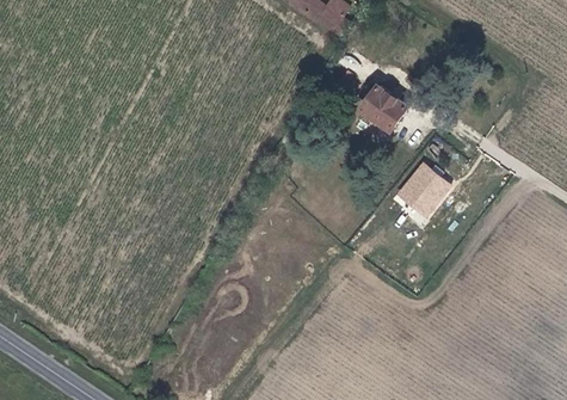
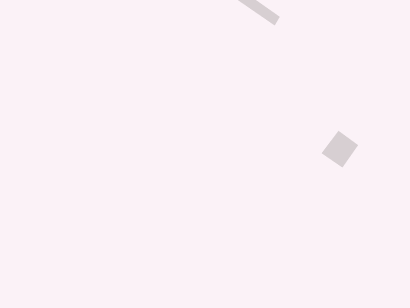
building: [359,85,405,130] -> none

